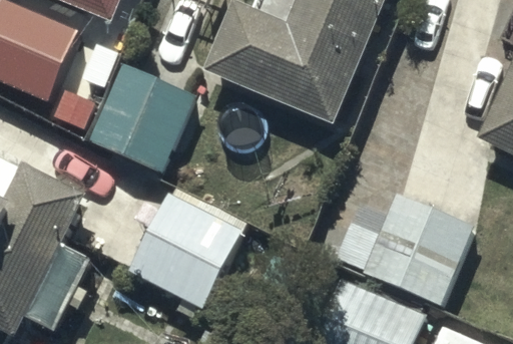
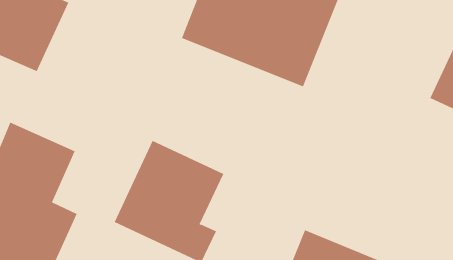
building: [84,60,195,171] -> none
building: [333,193,474,310] -> none

